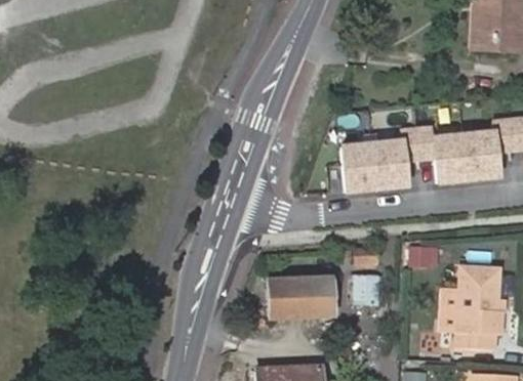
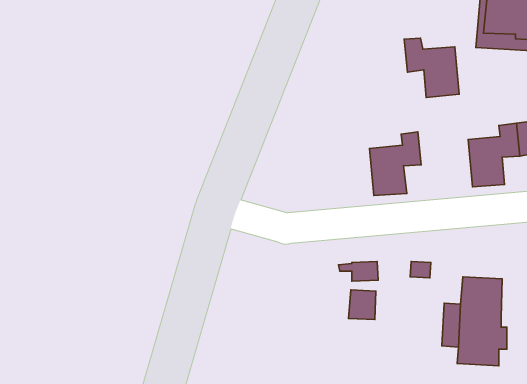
building: [417,127,469,182] -> [404,38,459,97]
building: [343,143,376,190] -> none
building: [269,278,332,319] -> none

